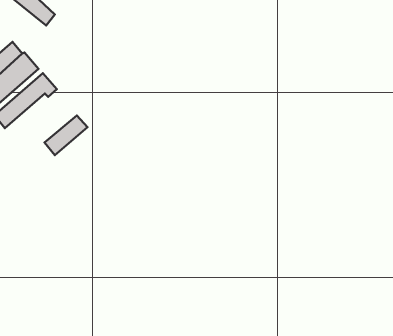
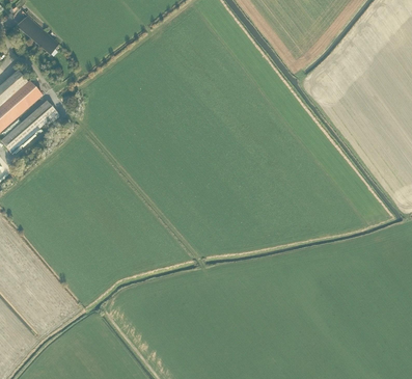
building: [45,116,87,155] -> none

